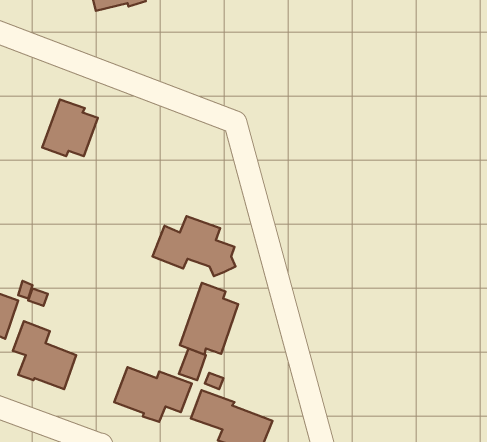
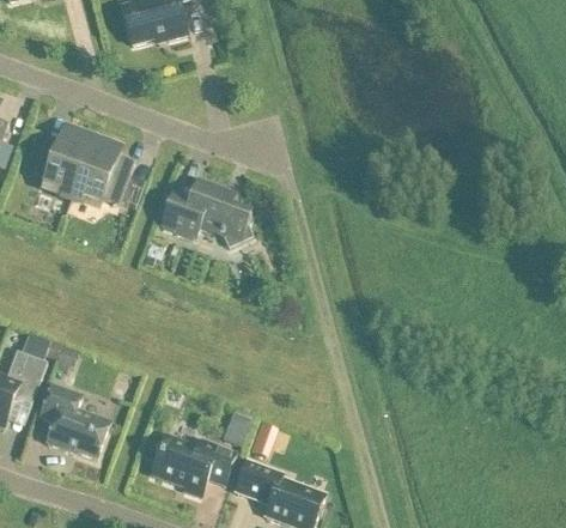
building: none -> [35,129,92,193]
building: [153,216,236,276] -> [162,180,252,245]
building: [180,283,238,355] -> none

